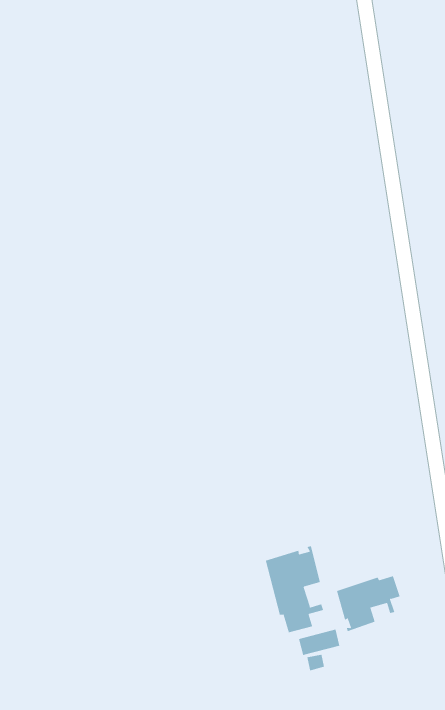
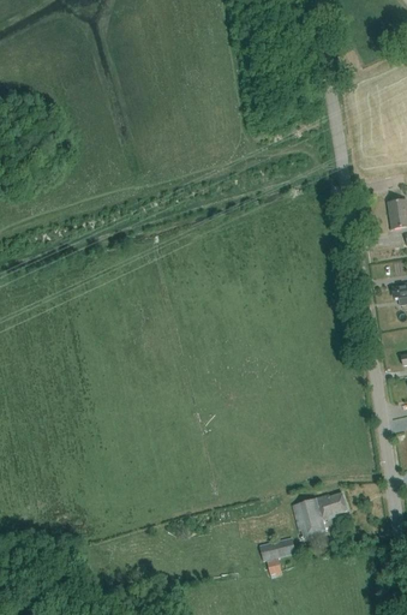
building: [265,545,324,633] -> none

